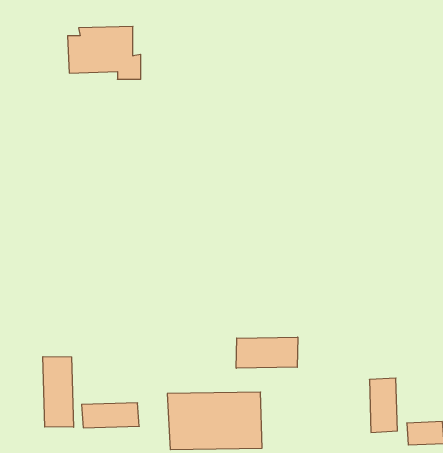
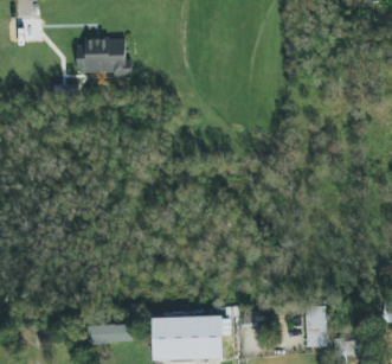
building: [236,337,298,368] -> none
building: [43,357,74,427] -> none

